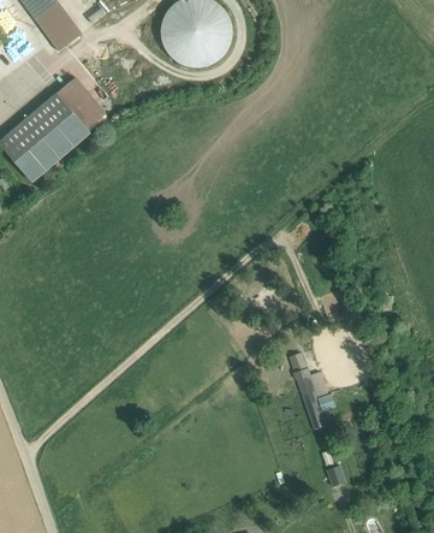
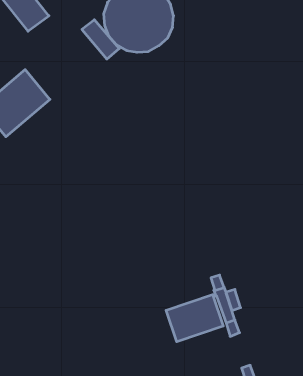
building: [55,83,102,132] -> [82,20,119,59]
building: none -> [166,295,223,342]

